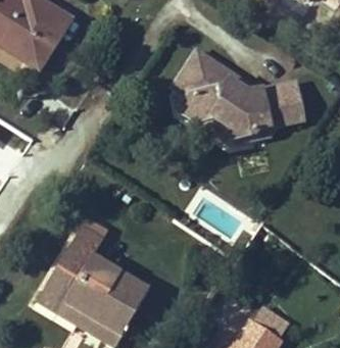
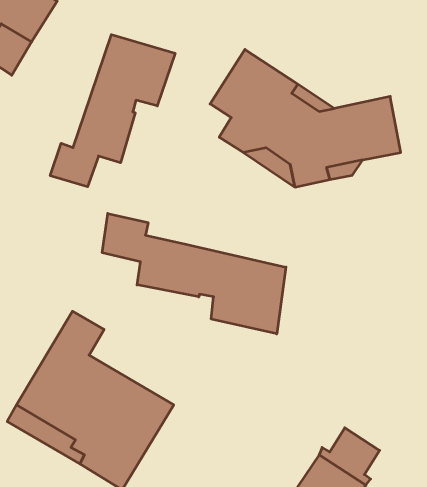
building: none -> [50,35,175,187]
building: none -> [102,213,286,334]

